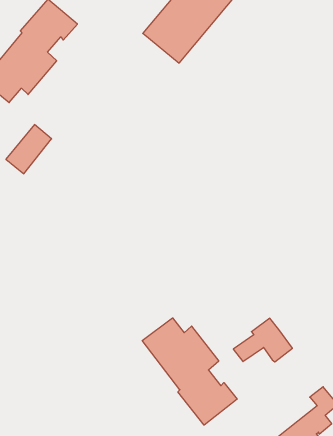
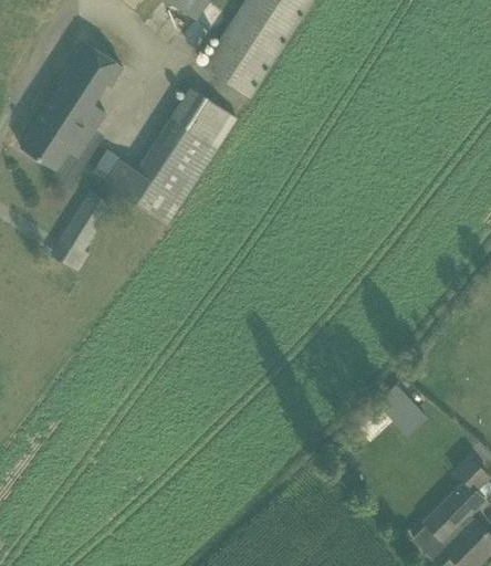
building: none -> [104,87,237,224]
building: [142,318,237,425] -> none

